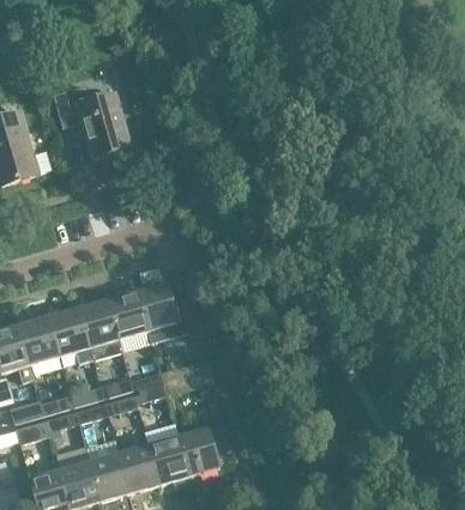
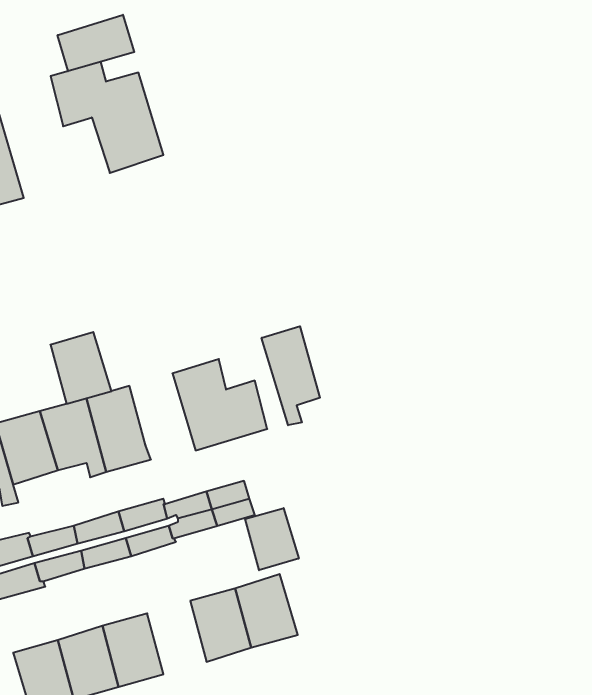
building: none -> [58,15,134,71]
building: none -> [262,326,320,425]
building: [107,291,147,339] -> [50,332,111,404]
building: none -> [245,508,299,570]
building: [119,443,158,492] -> none

